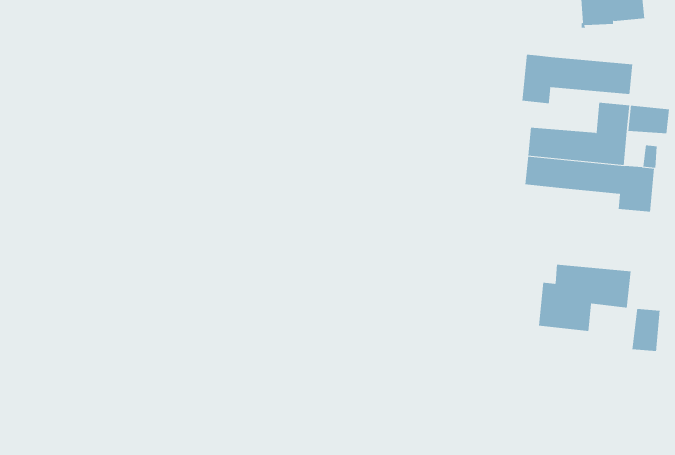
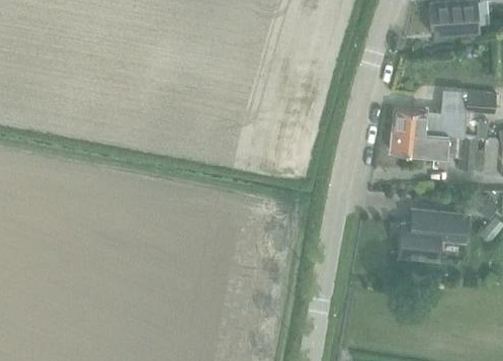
building: [522,54,633,104] -> none
building: [632,308,660,352] -> none

